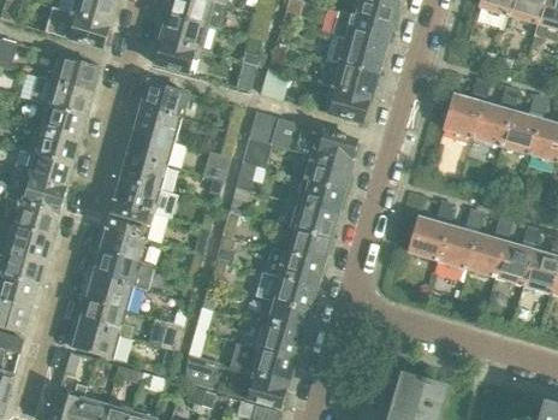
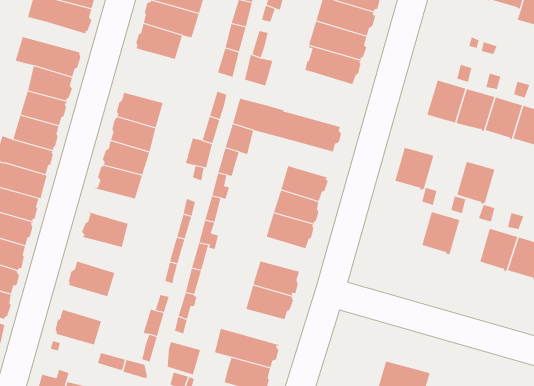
building: [141,79,188,116] -> none
building: [323,85,369,122] -> none
building: [304,154,350,190] -> none
building: [105,201,167,239] -> none
building: [408,215,447,259] -> [394,147,434,190]
building: [467,232,505,276] -> [457,161,495,204]
building: [265,246,323,284] -> none
building: [94,249,154,289] -> none
building: [79,297,125,333] -> none
building: [255,321,302,357] -> none

